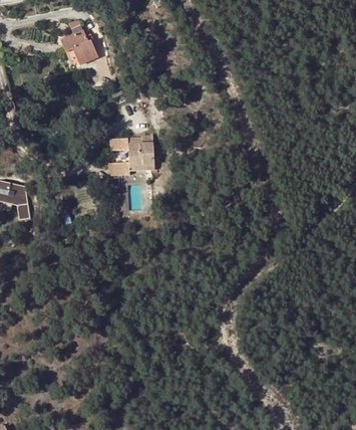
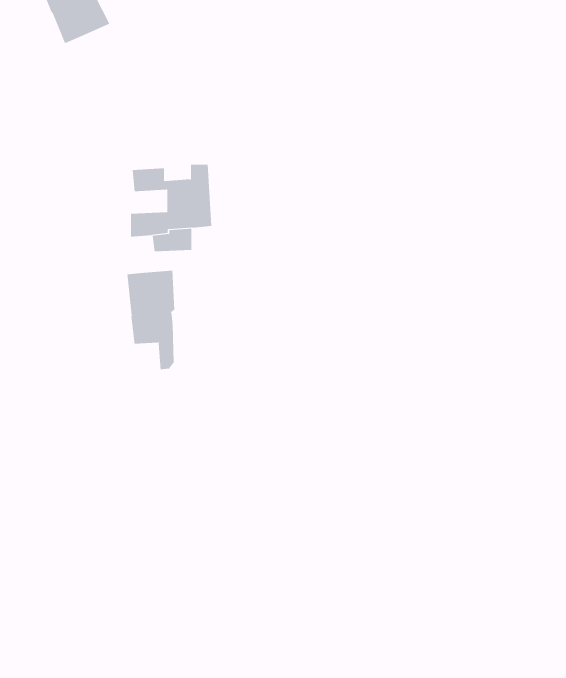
building: none -> [127,270,175,370]

